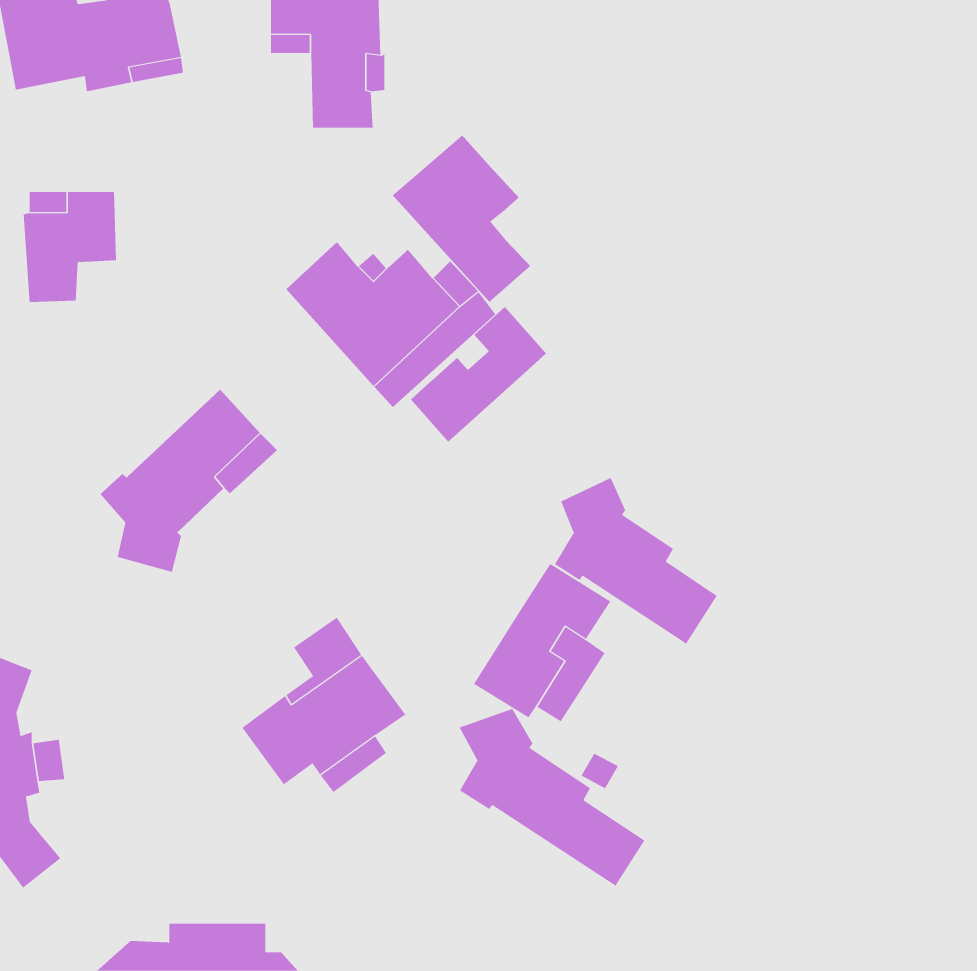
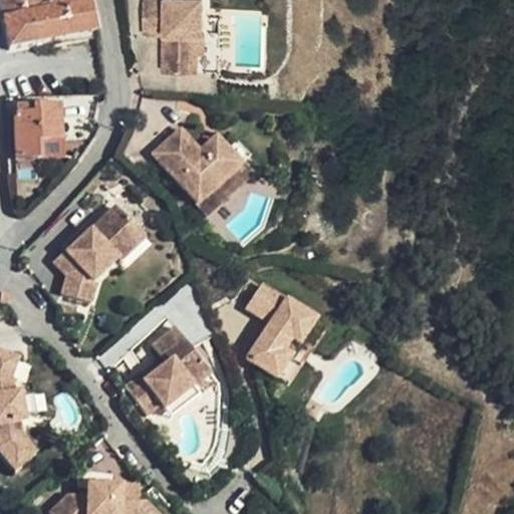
building: [392,134,531,303] -> none
building: [410,306,547,443] -> none
building: [554,477,717,644] -> none
building: none -> [248,280,288,320]
building: [459,708,645,886] -> none

